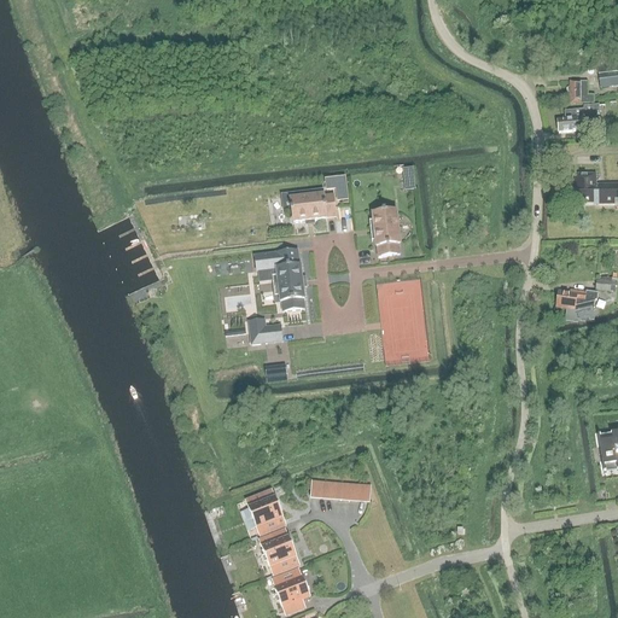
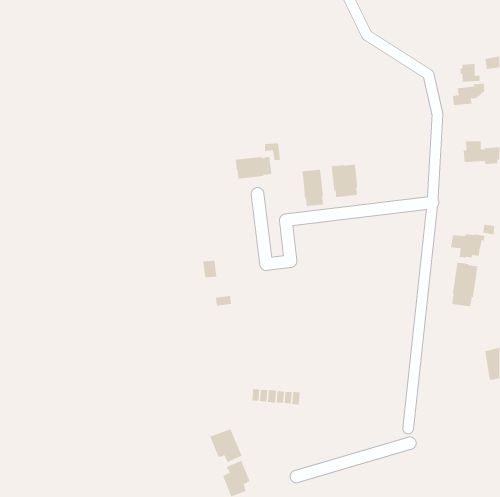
building: none -> [331,164,358,198]
building: [256,249,304,310] -> none
building: none -> [452,262,478,307]
building: [245,489,285,534] -> none

